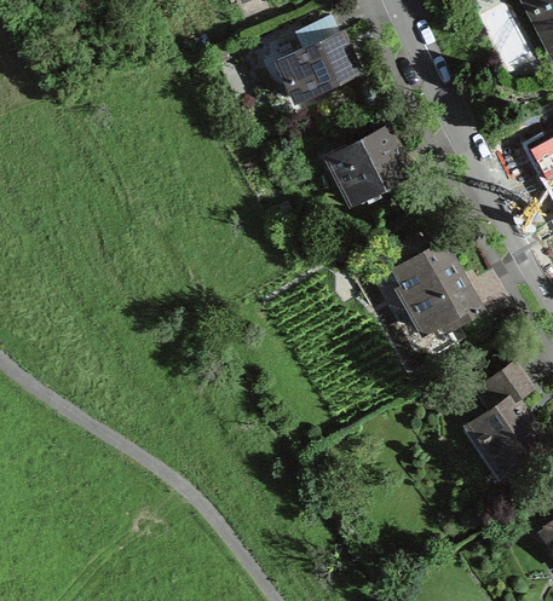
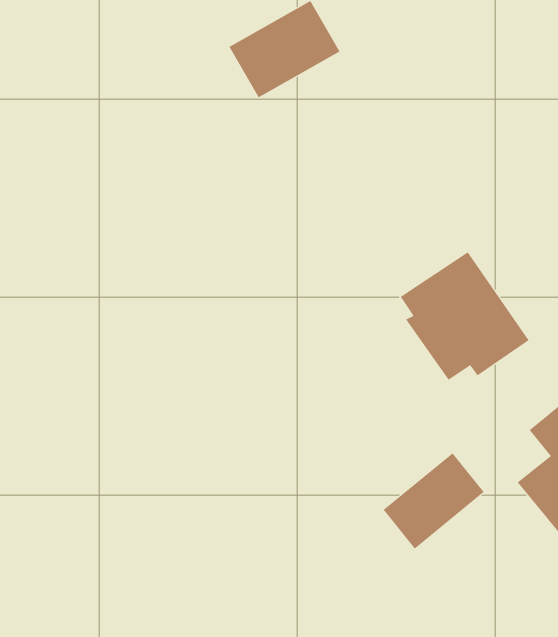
building: [322,123,408,209] -> none
building: none -> [383,452,484,549]

